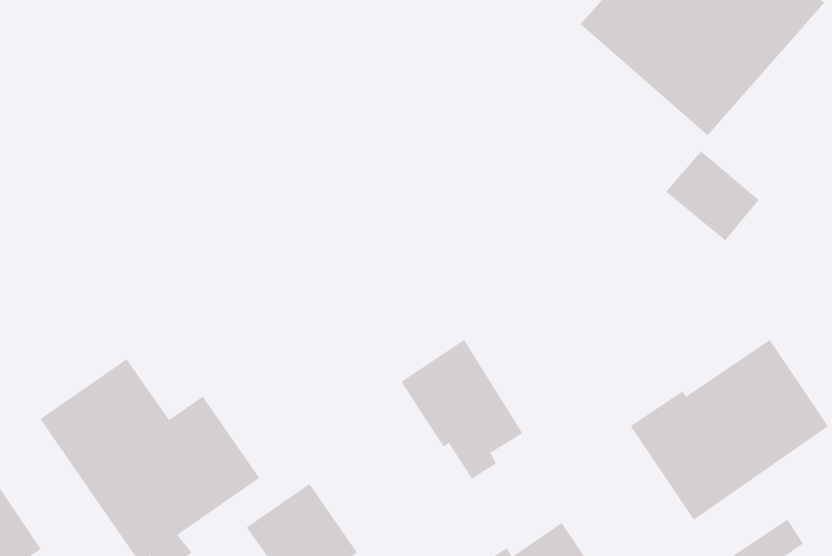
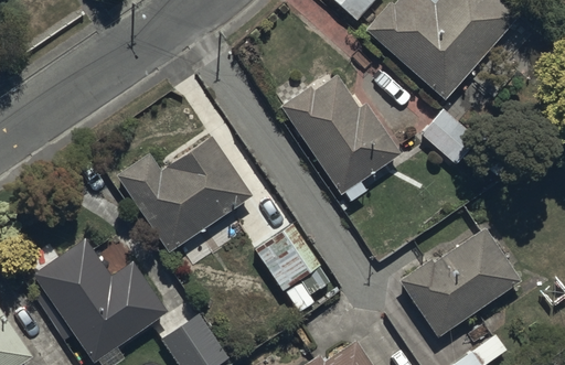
building: none -> [279,75,402,203]
building: none -> [115,135,254,254]

